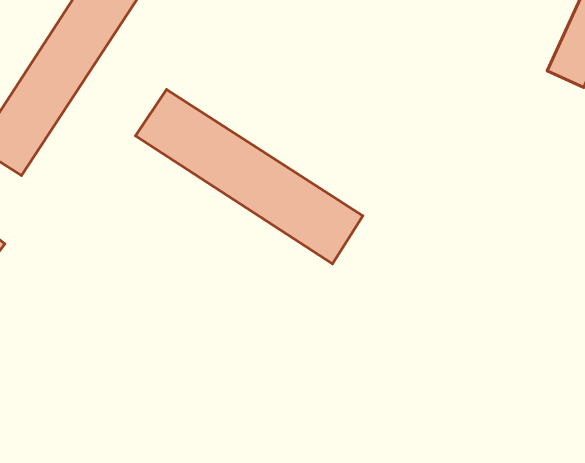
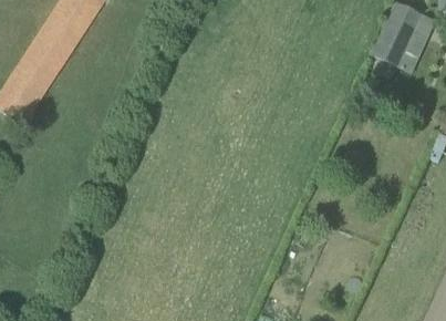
building: [135,90,363,264] -> none

